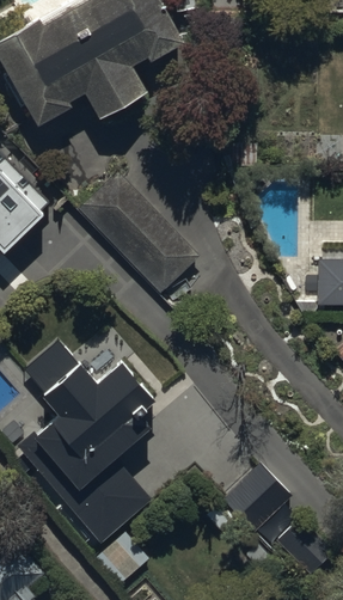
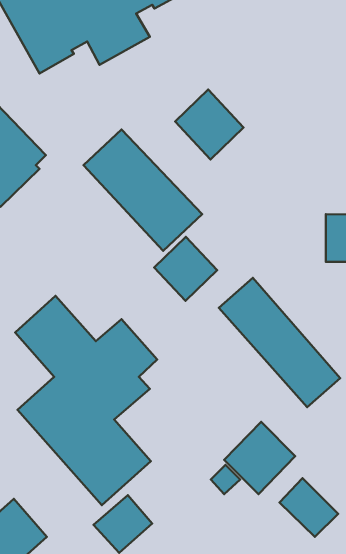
building: none -> [175,90,244,159]
building: none -> [154,237,217,301]
building: none -> [219,278,340,407]

